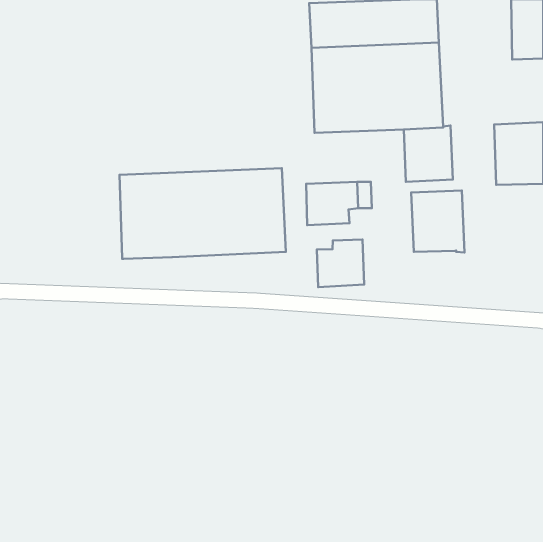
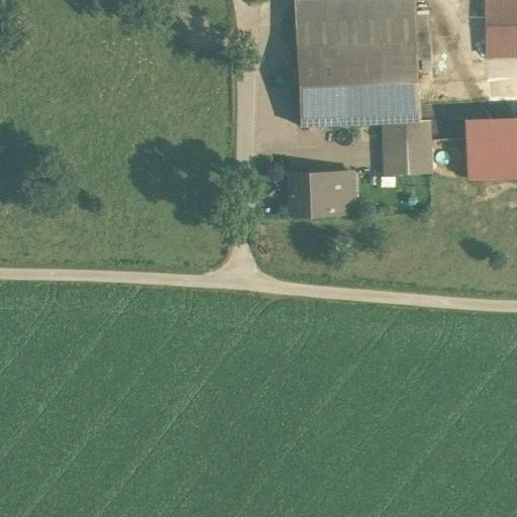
building: [120,168,286,259] -> none
building: [411,191,464,252] -> none
building: [317,239,364,287] -> none

